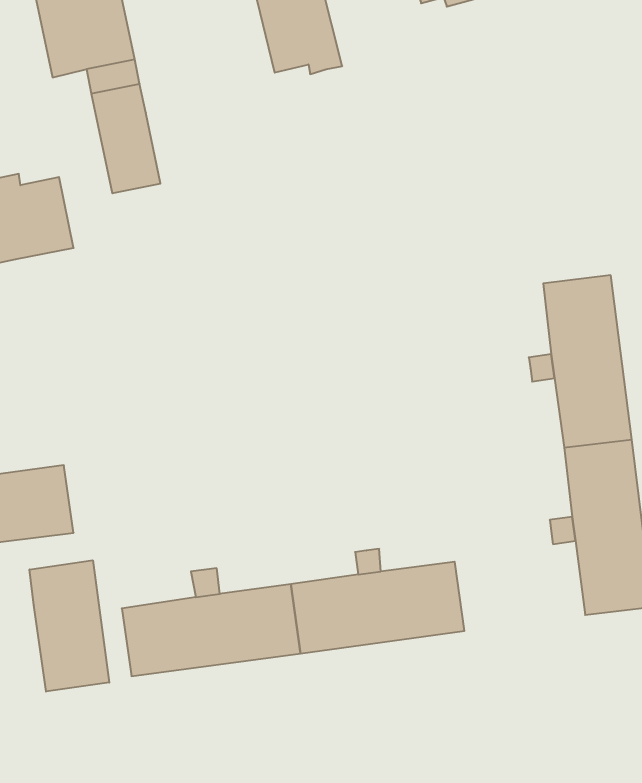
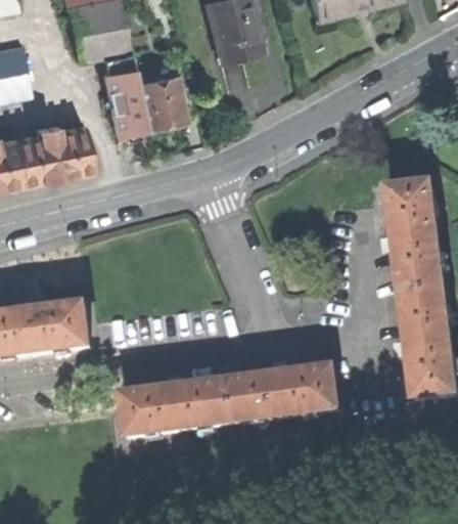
building: none -> [135,71,182,124]
building: [30,560,109,692] -> none

